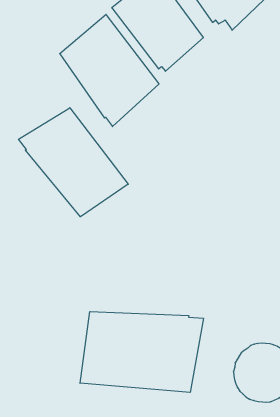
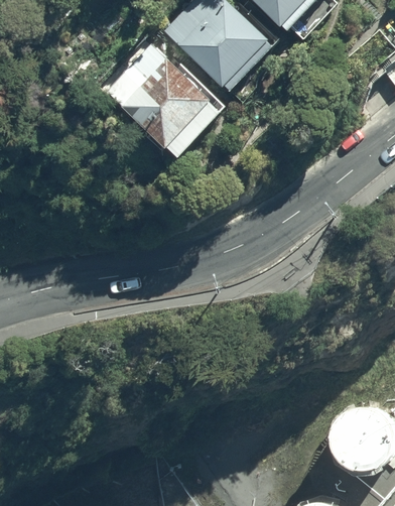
building: [19,108,128,217] -> none
building: [80,312,203,392] -> none

